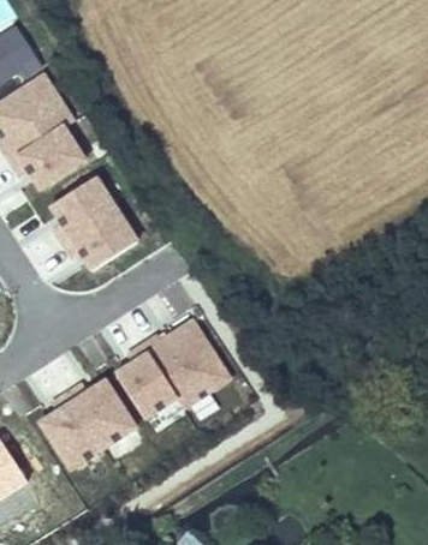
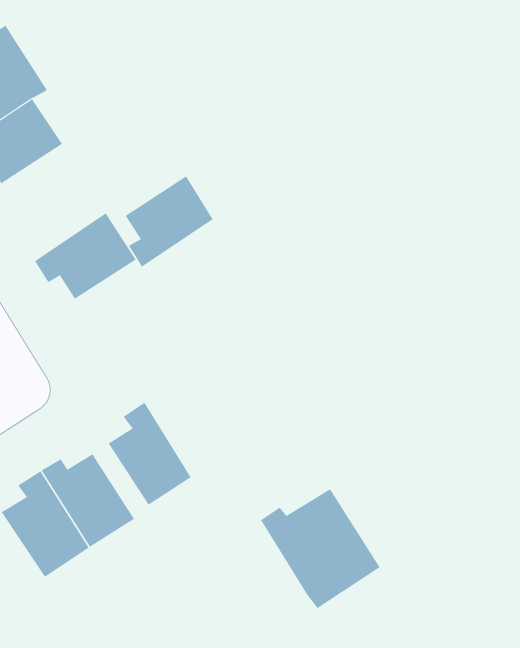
building: [50,174,114,240] -> [125,175,213,268]
building: [142,318,228,405] -> [260,488,381,609]

